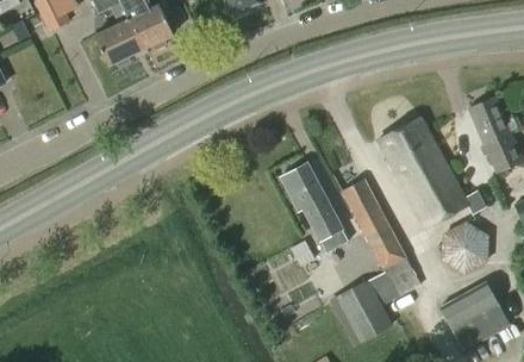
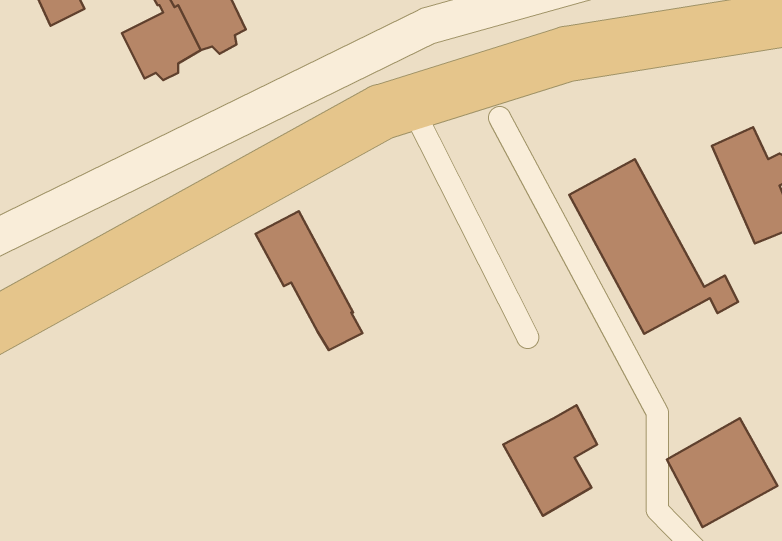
building: [280,162,348,250] -> [256,211,363,350]
building: [341,177,420,297] -> none
building: [441,219,488,274] -> none

